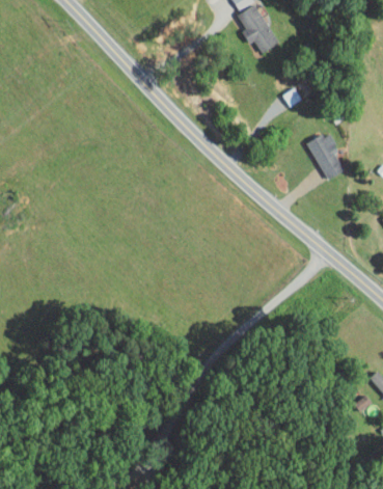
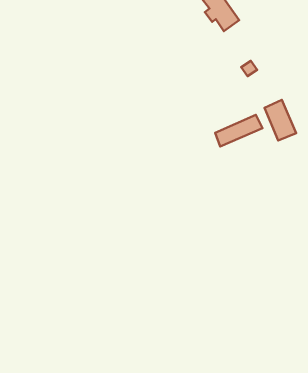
building: none -> [215,115,262,146]

